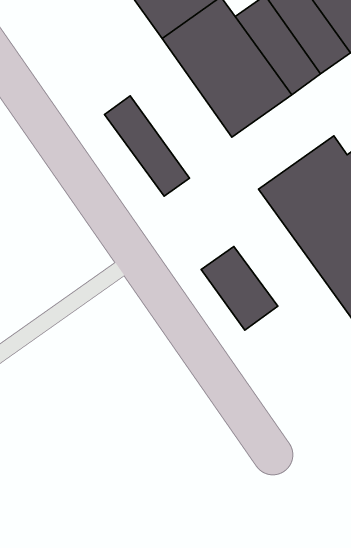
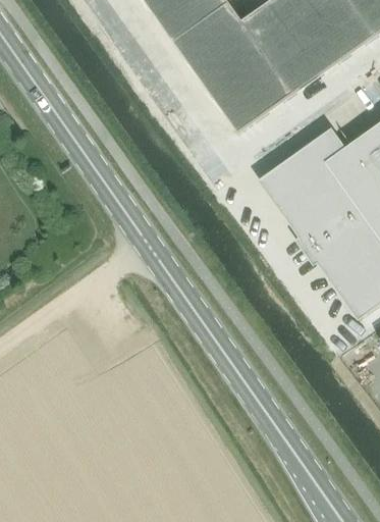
building: [105,96,189,196] -> none
building: [201,246,278,330] -> none

